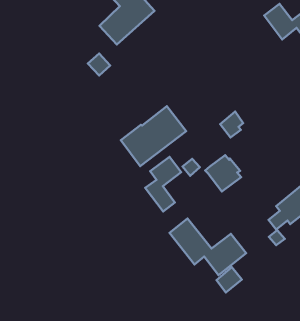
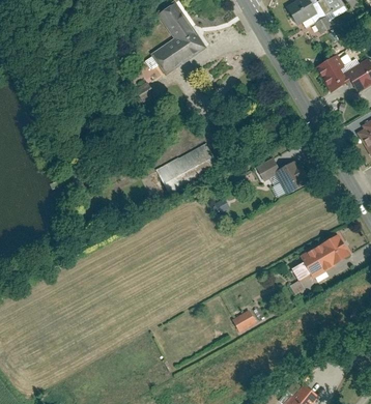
building: [205,155,241,191] -> [274,160,308,195]
building: [145,157,181,211] -> none
building: [170,219,246,275] -> none

